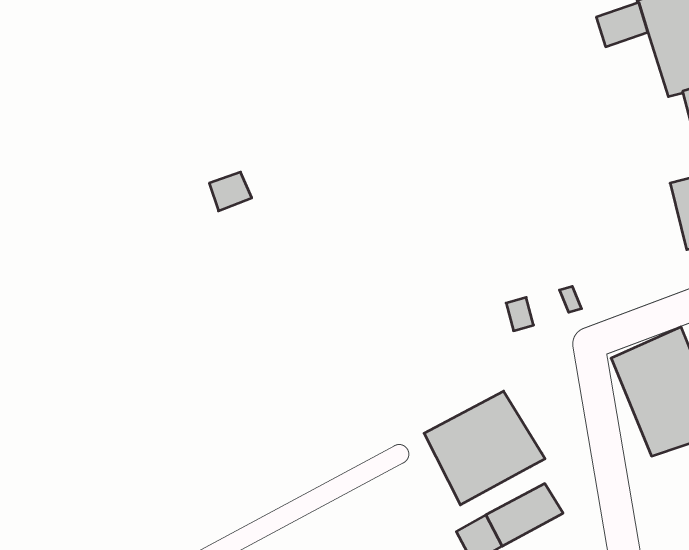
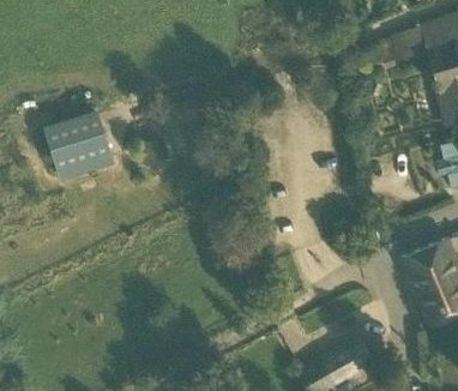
building: none -> [46,110,112,175]
building: [424,391,545,505] -> none

